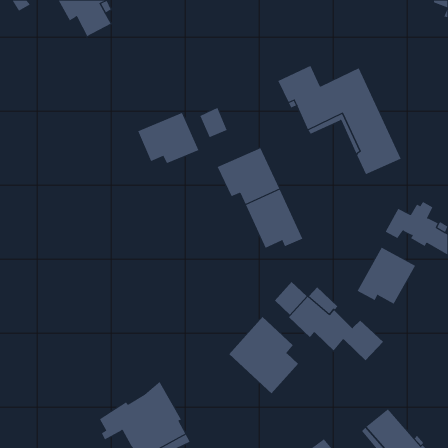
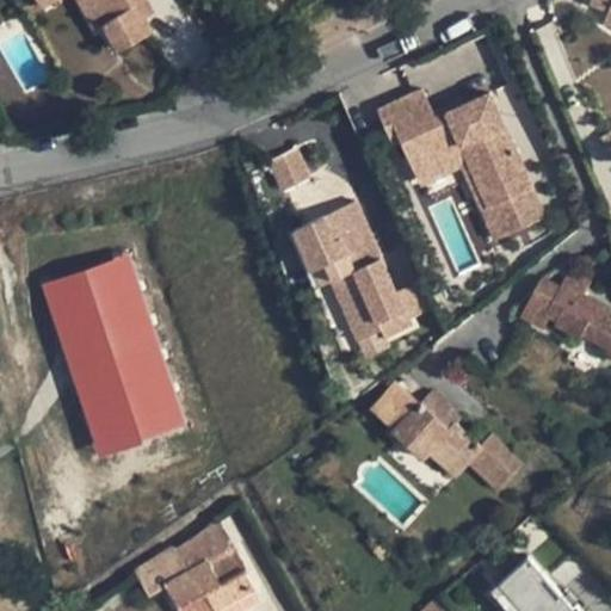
building: [138,112,199,164] -> none
building: none -> [39,255,185,458]
building: [357,247,416,305] -> none
building: [229,316,299,394] -> none

